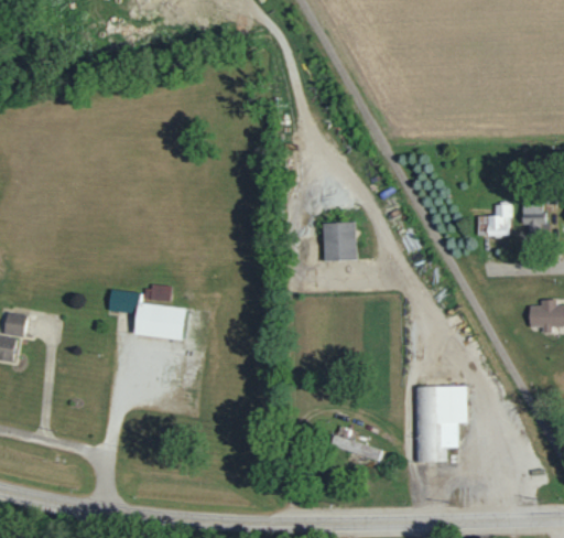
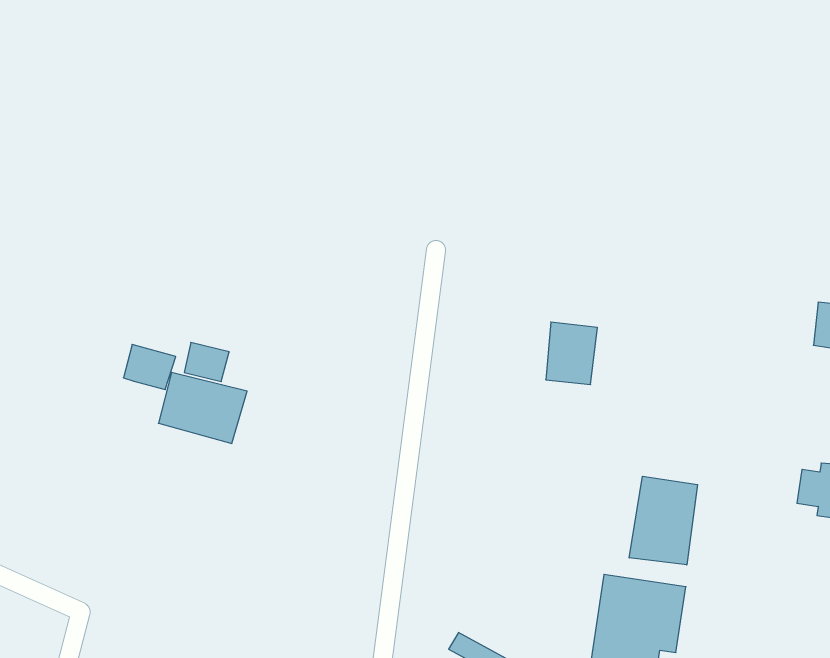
building: [485,203,509,235] -> none
building: [324,224,354,260] -> [546,322,597,385]
building: none -> [629,476,698,565]

